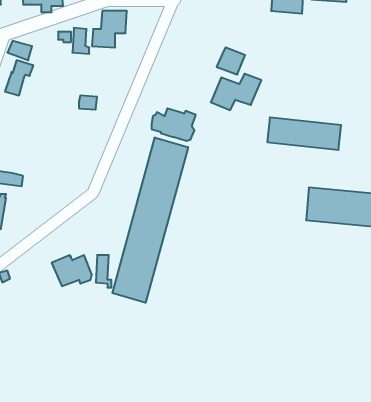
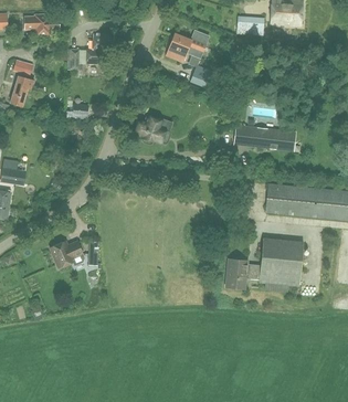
building: [211,74,261,110] -> [165,30,208,61]
building: [112,137,188,303] -> none
building: none -> [224,237,303,288]

